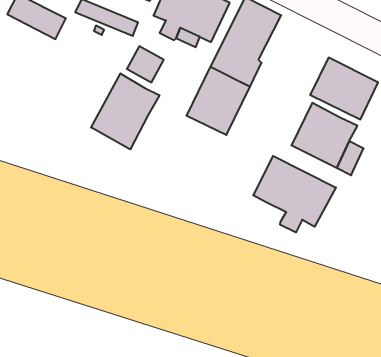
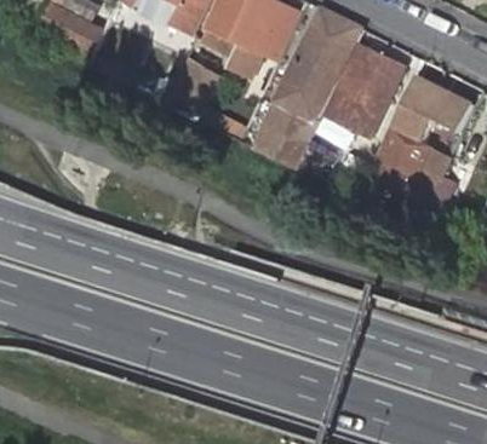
building: none -> [325,45,403,134]
building: [91,73,159,149] -> none
building: [253,156,336,232] -> none

